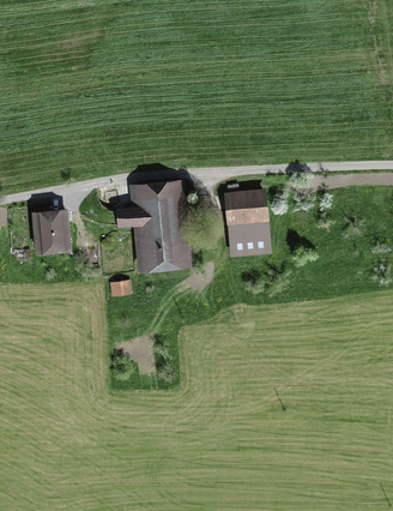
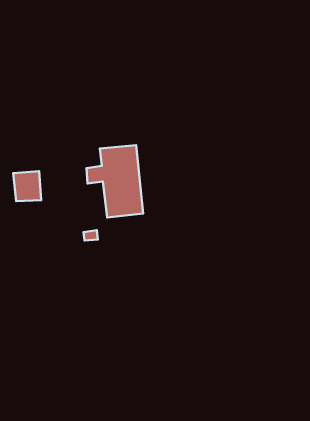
building: [229,191,270,252] -> none

